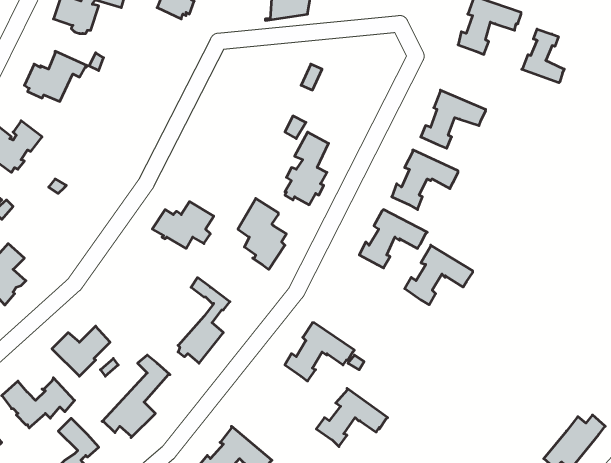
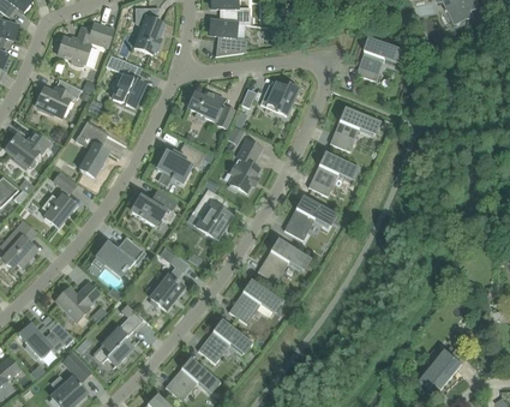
building: none -> [106,54,145,107]
building: [522,29,564,83] -> none
building: none -> [260,82,299,115]
building: none -> [187,90,234,127]
building: none -> [76,121,109,176]
building: none -> [157,143,204,181]
building: none -> [42,186,76,227]
building: [405,245,473,305] -> [258,238,308,282]
building: none -> [96,235,146,275]
building: [316,388,388,447] -> [198,319,251,363]

